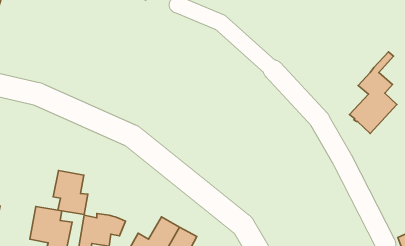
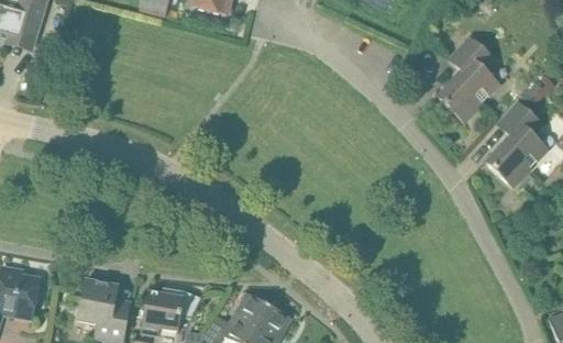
building: none -> [439,36,499,121]
building: [53,170,88,214] -> none

